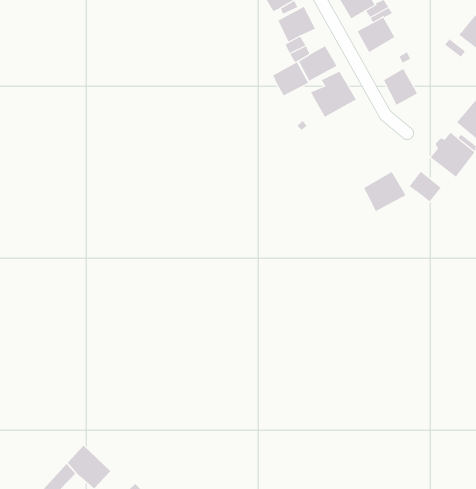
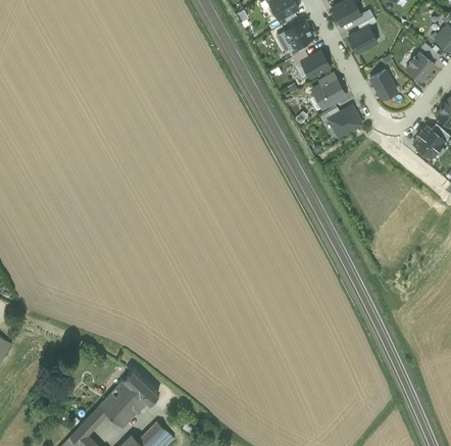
building: none -> [404,52,435,83]
building: [273,62,309,96] -> none
building: [409,171,441,202] -> none
building: [363,171,406,212] -> [325,104,362,139]
building: none -> [113,370,157,412]

